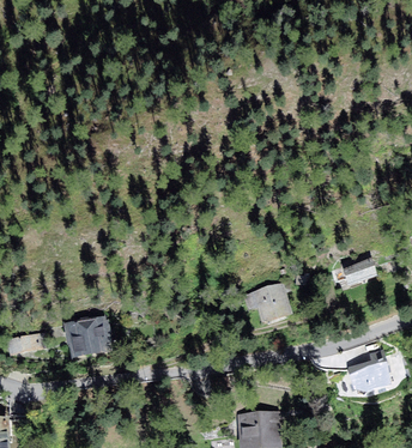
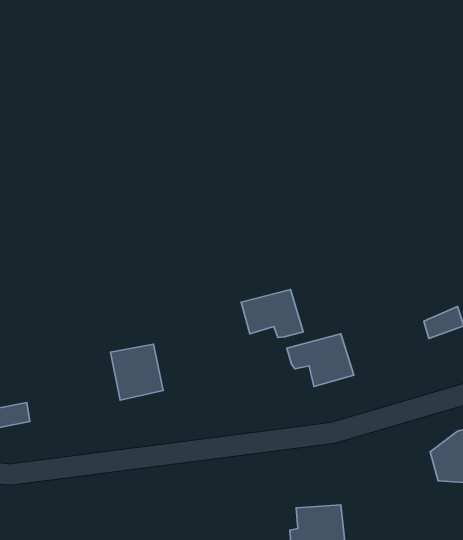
building: none -> [241,289,303,337]
building: [67,317,107,359] -> [111,344,163,400]

